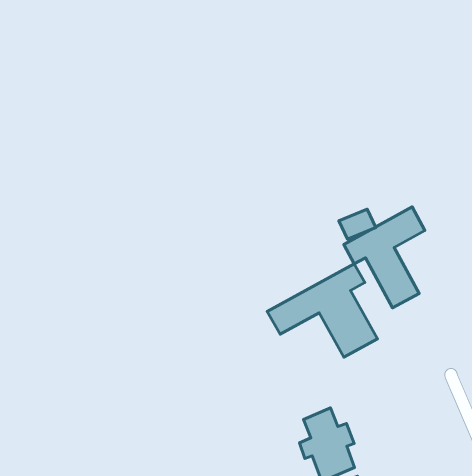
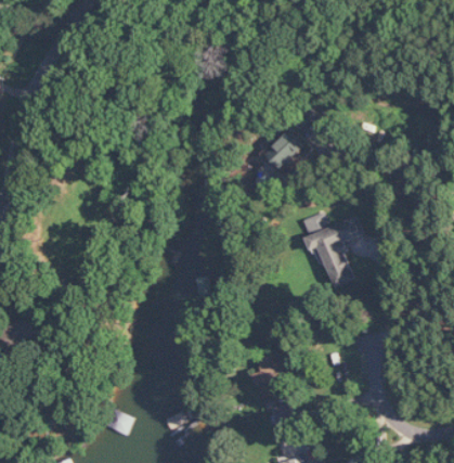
building: none -> [261,130,300,170]
building: [267,264,377,357] -> none

